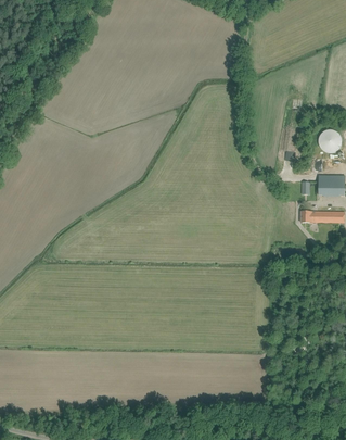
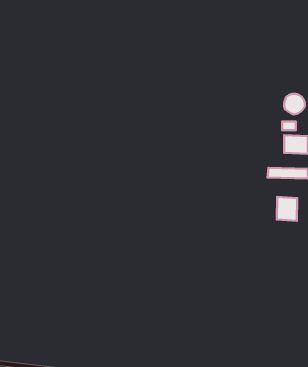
building: none -> [277,197,297,221]

